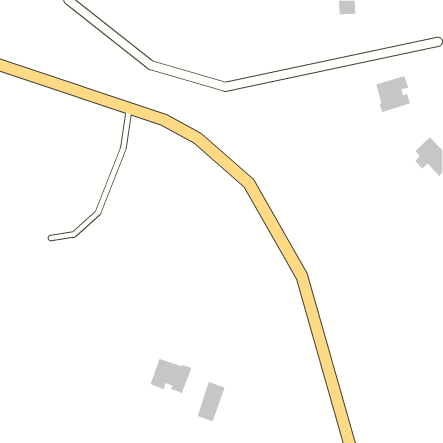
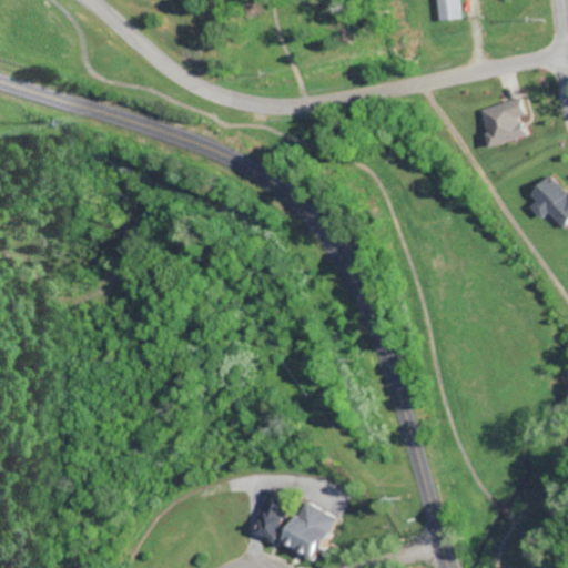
building: [150,358,192,394] -> none
building: none -> [277,499,335,561]

